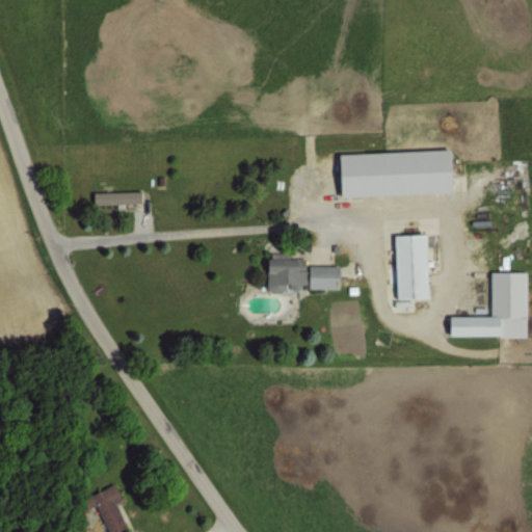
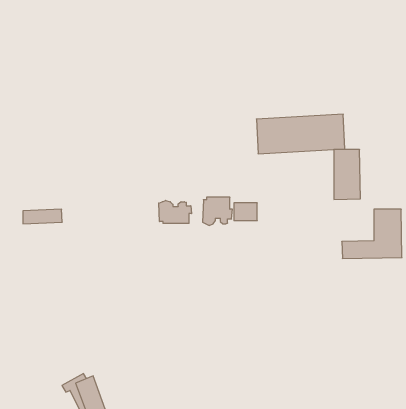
building: [96,191,147,210] -> [23,209,62,224]
building: [396,236,430,300] -> [334,150,360,199]
building: none -> [159,200,192,223]

